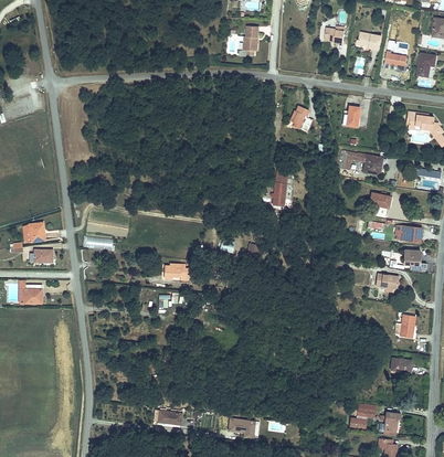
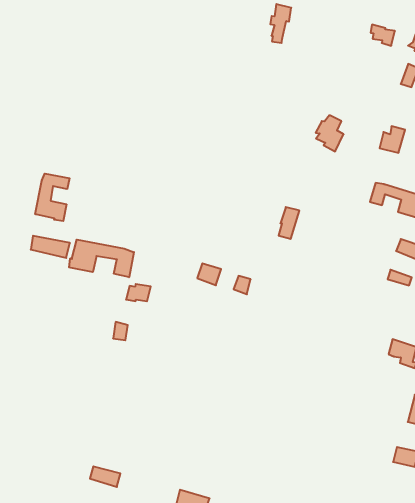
building: none -> [35,174,70,221]
building: none -> [69,240,134,277]

